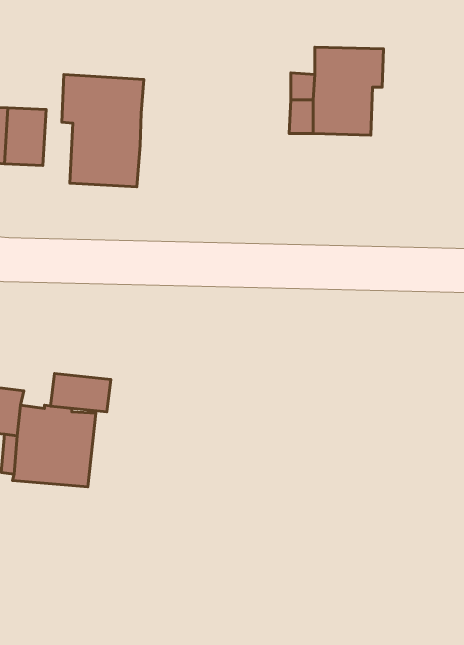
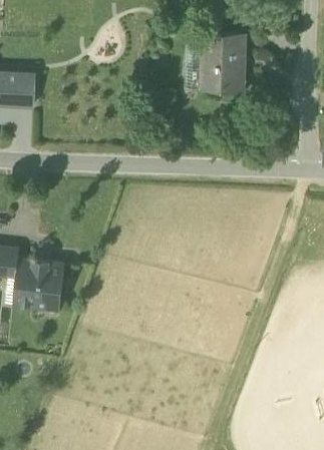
building: [62,74,144,187] -> none
building: [51,373,111,412] -> none

